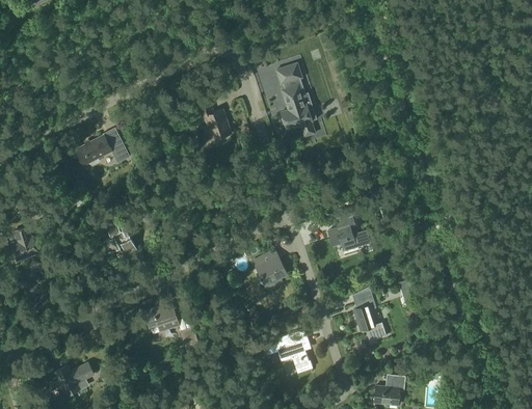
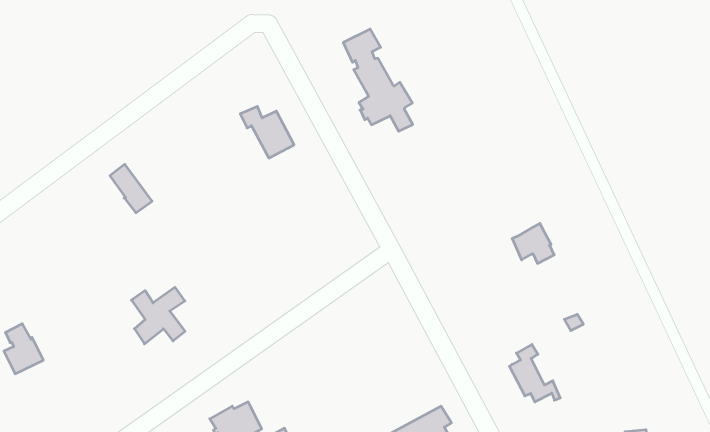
building: [75,136,111,167] -> none
building: [328,223,355,250] -> [512,223,554,263]
building: [252,256,286,287] -> none

